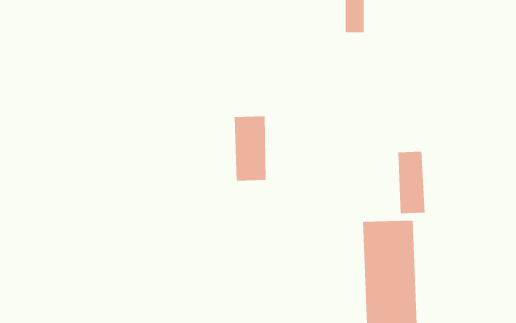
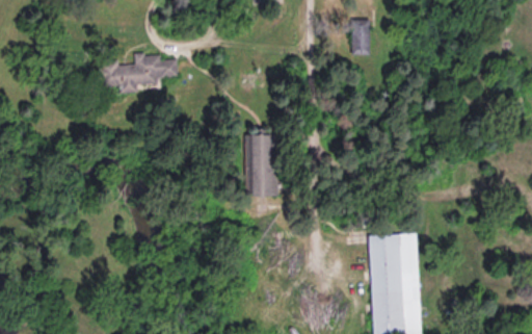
building: none -> [100,54,178,95]
building: [398,151,425,214] -> none

